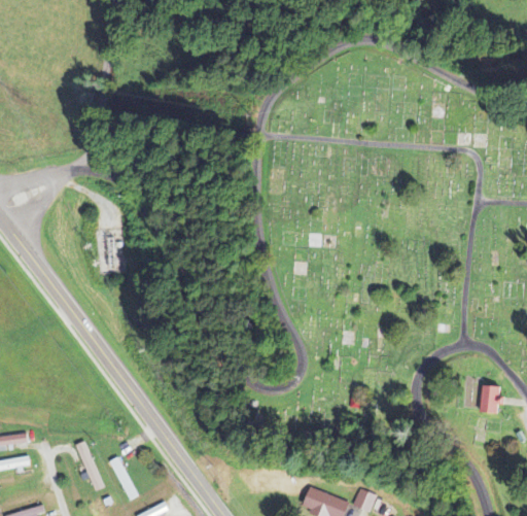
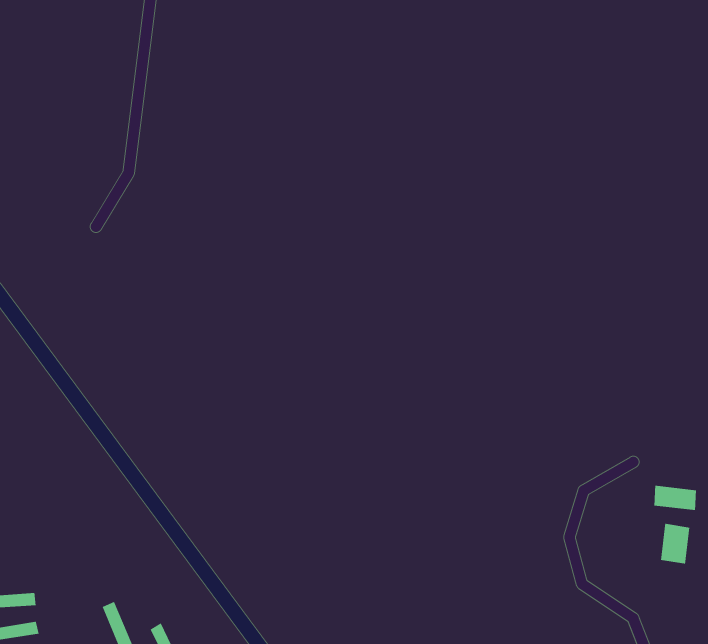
building: none -> [654,485,697,511]

